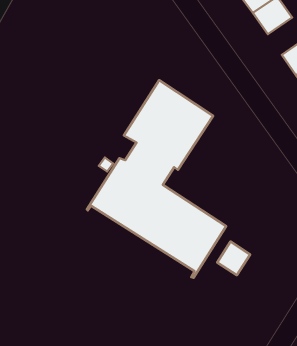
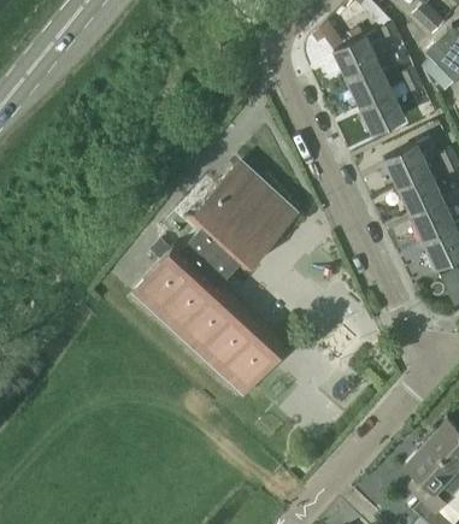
building: [217,242,250,275] -> none

